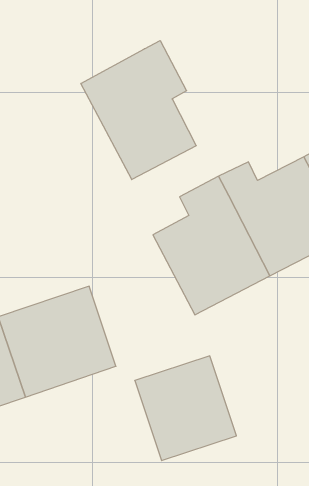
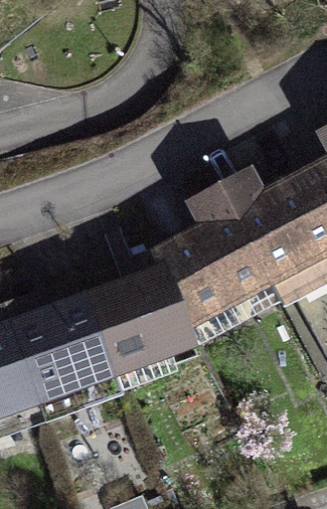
building: [81,41,196,180] -> none
building: [135,356,236,461] -> [109,267,208,369]

